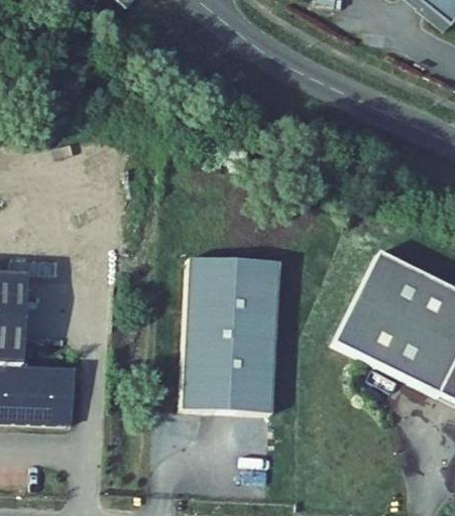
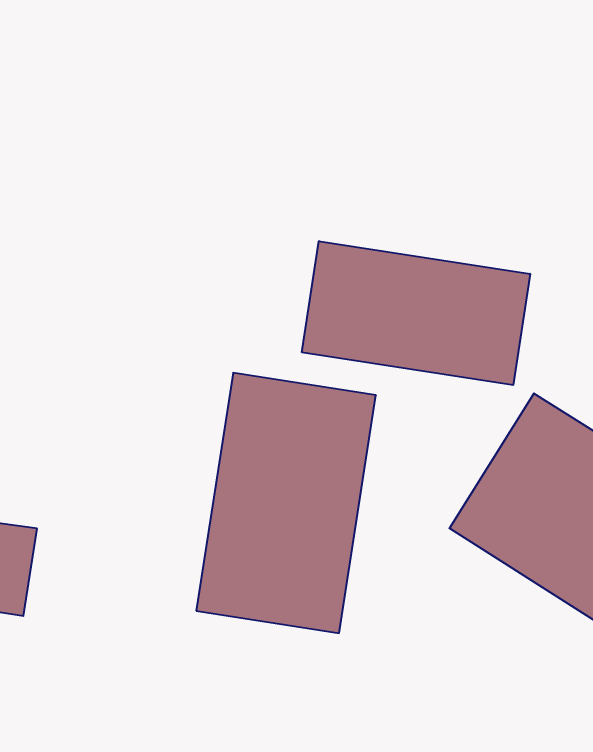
building: none -> [302,241,530,385]

